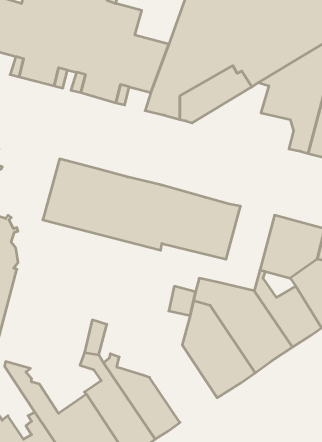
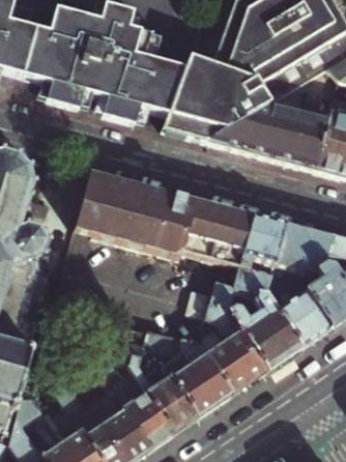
building: none -> [211,103,305,164]
building: none -> [237,216,287,294]
building: none -> [161,336,234,415]

